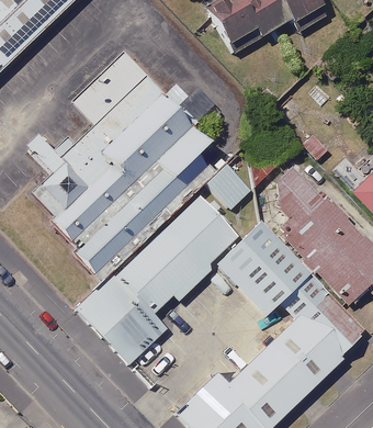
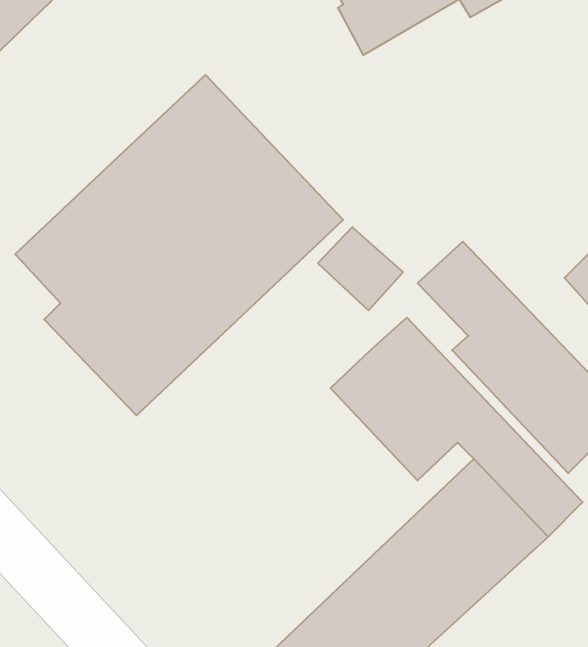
building: [70,46,140,115] -> none
building: [84,193,240,359] -> none

